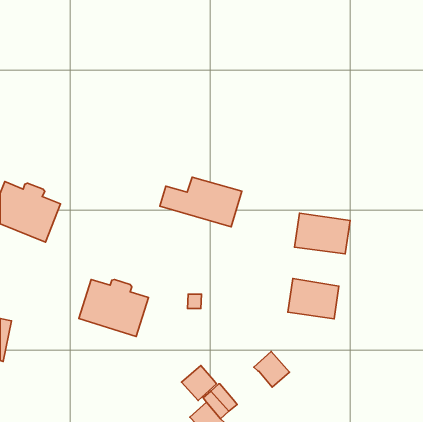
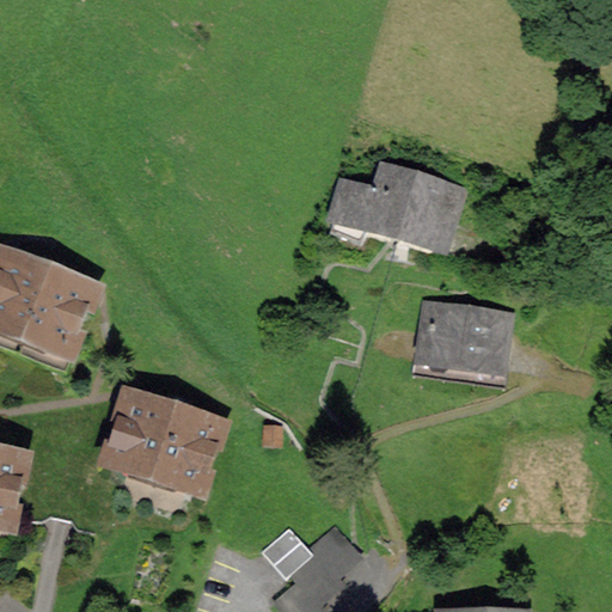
building: [160,177,242,227] -> [337,172,455,244]
building: [288,278,339,319] -> none
building: [254,351,290,387] -> [311,527,362,579]

